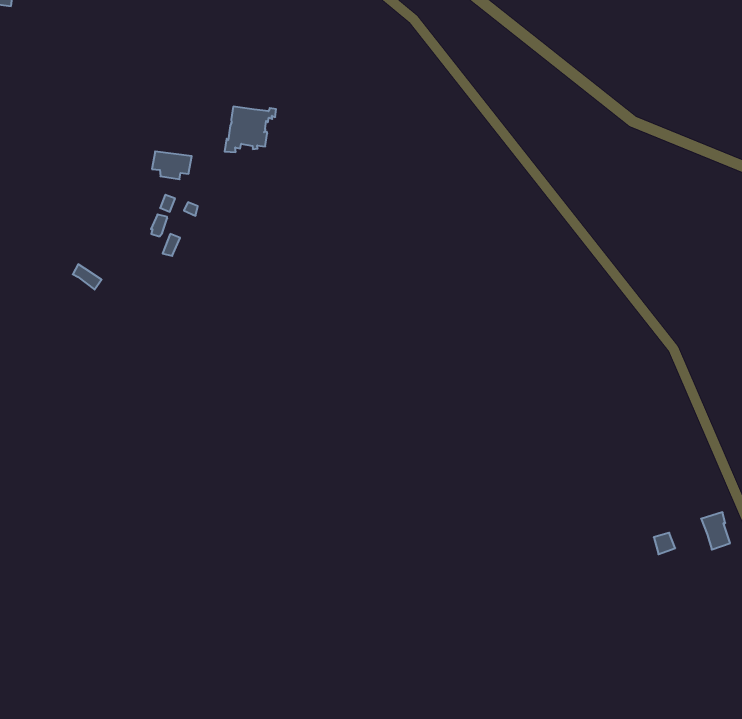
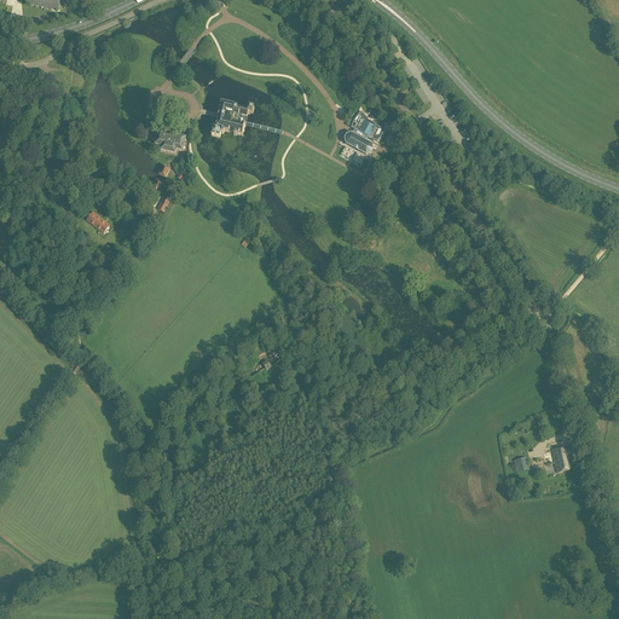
building: none -> [343,109,383,154]

